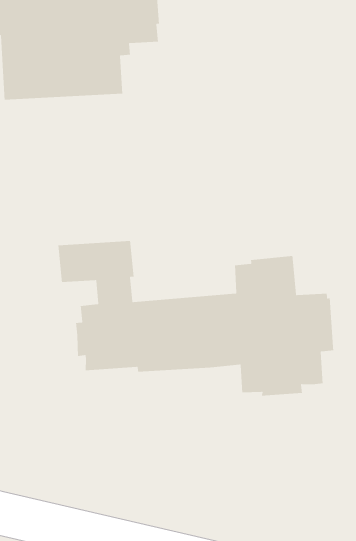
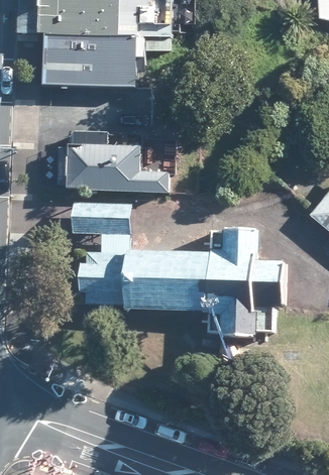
building: none -> [56,141,169,190]

